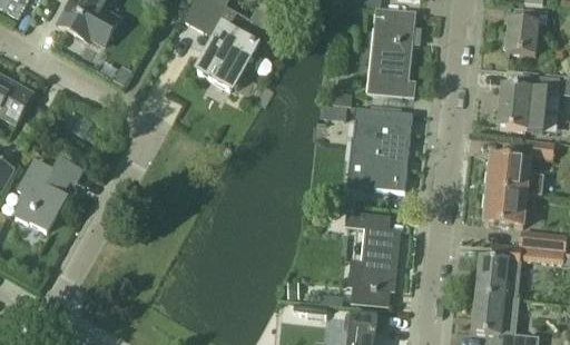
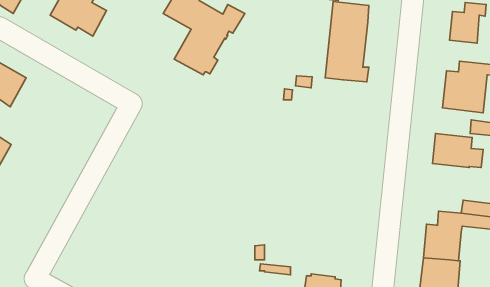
building: [348,107,412,190] -> none
building: [14,155,80,229] -> none
building: [483,188,528,225] -> none
building: [345,210,400,305] -> none

